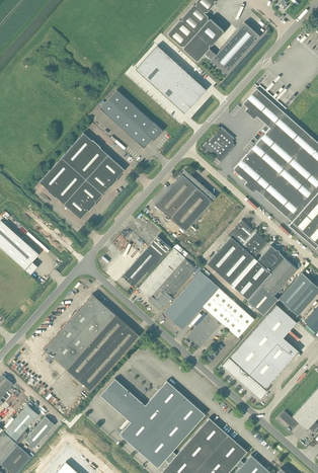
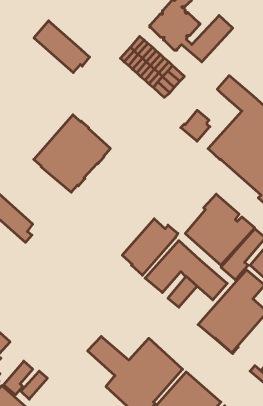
building: [100,90,162,148] -> [34,21,90,73]
building: [155,170,216,232] -> none
building: [122,236,171,287] -> none
building: [44,295,139,391] -> none

